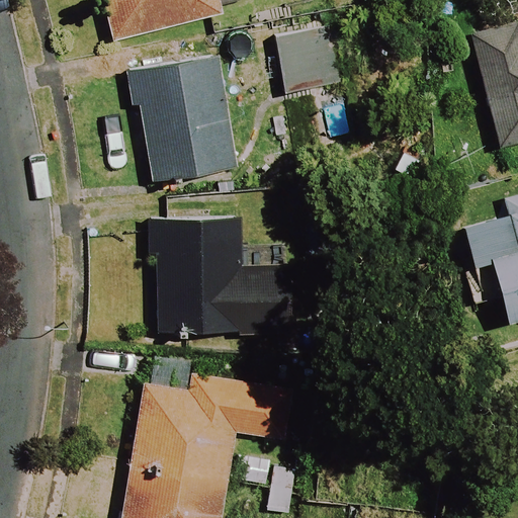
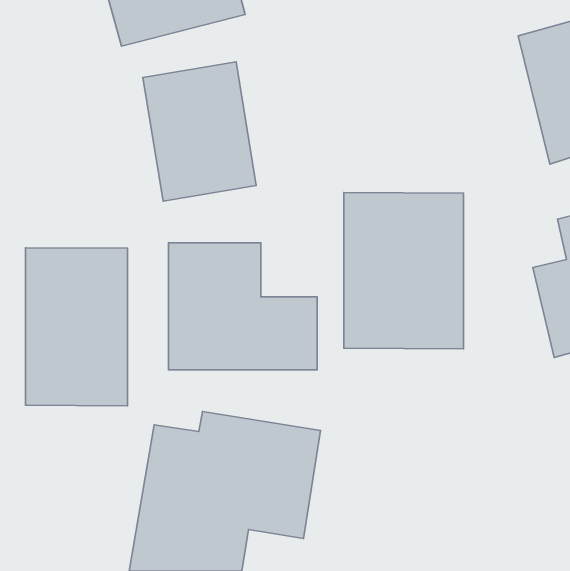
building: [277,29,344,108] -> none
building: none -> [344,193,463,349]
building: none -> [26,248,127,406]

